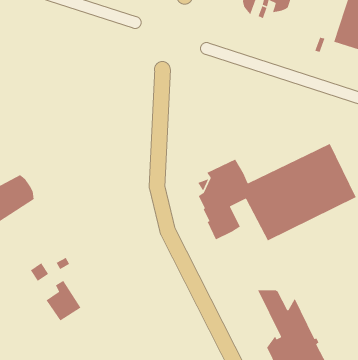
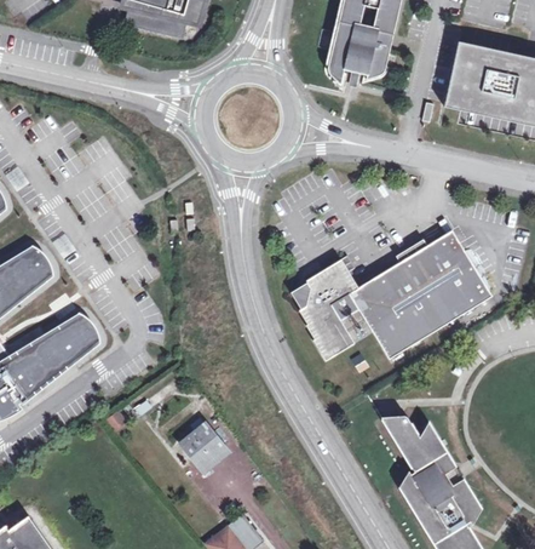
building: [45,280,82,322] -> [182,419,226,470]

